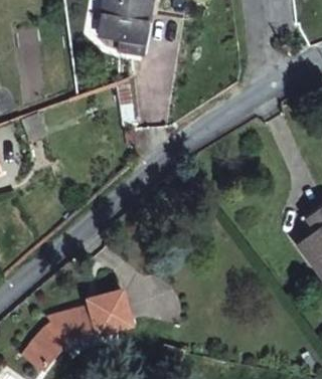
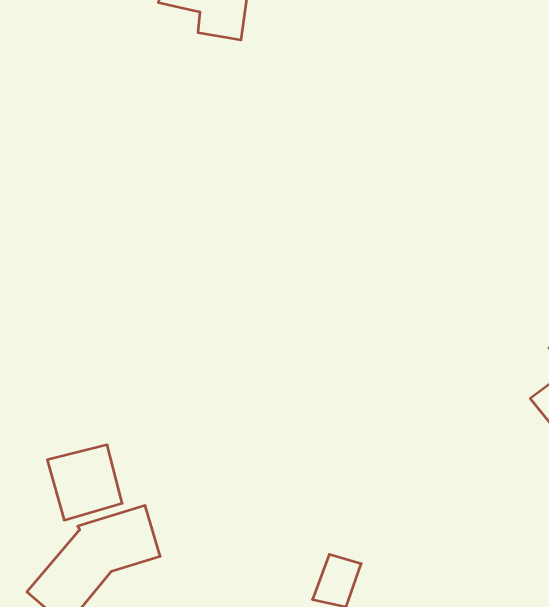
building: [97,291,137,331] -> [47,445,122,520]

